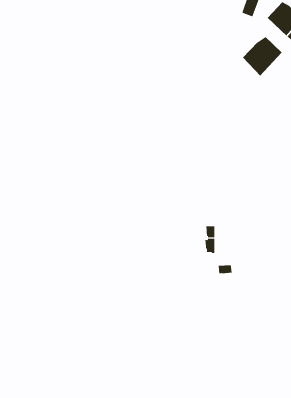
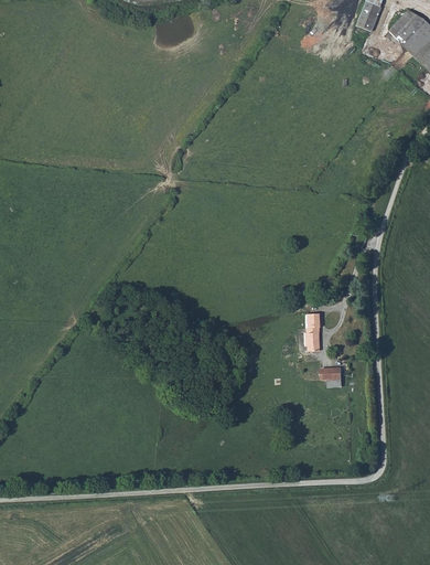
building: [242,36,283,76] -> none

